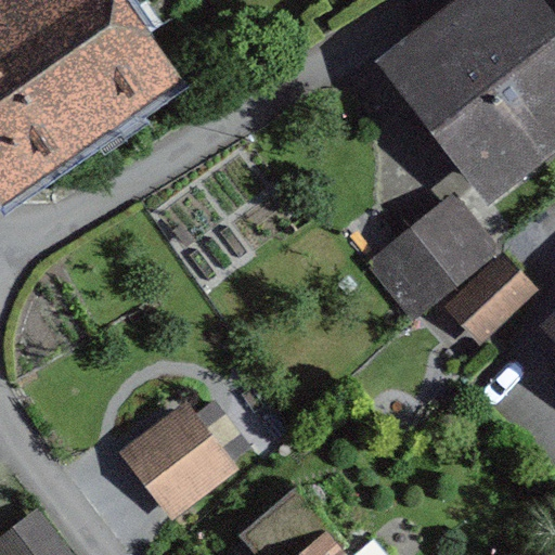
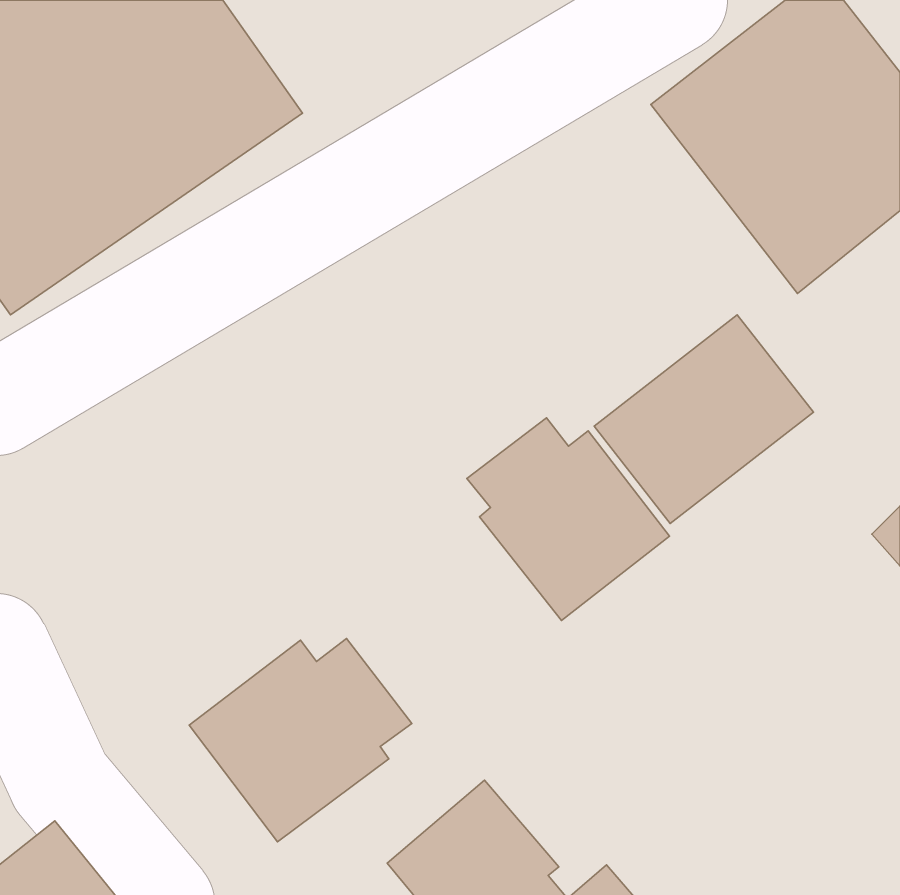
building: [441,258,535,349] -> none
building: none -> [467,418,670,620]

